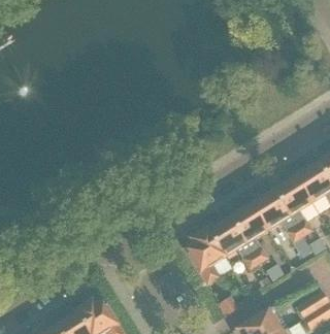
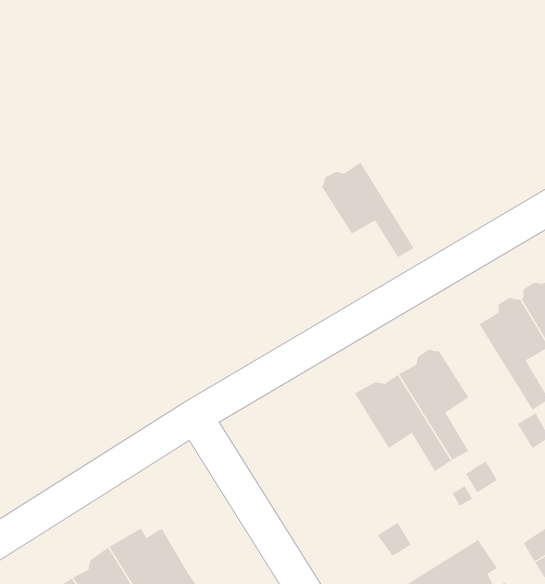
building: [253,191,303,242] -> [321,162,415,258]
building: [186,228,226,286] -> none

